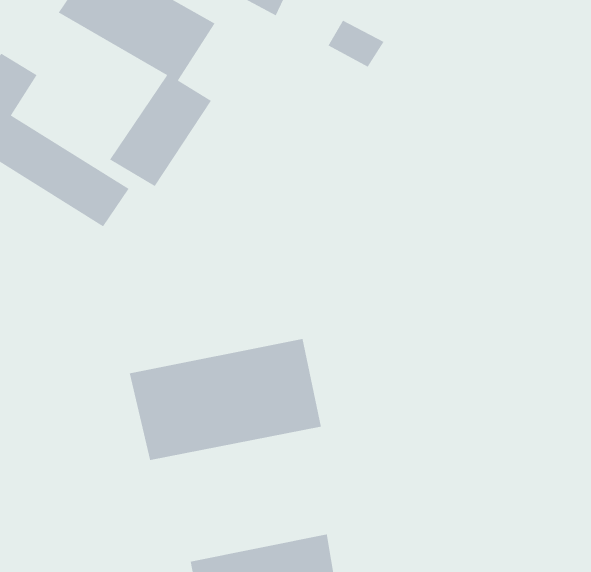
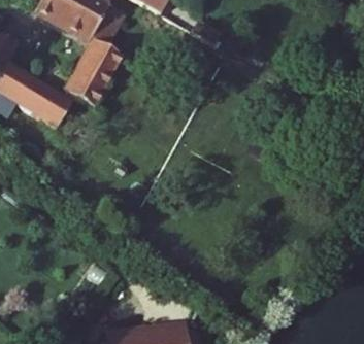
building: [129,338,321,461] -> none

